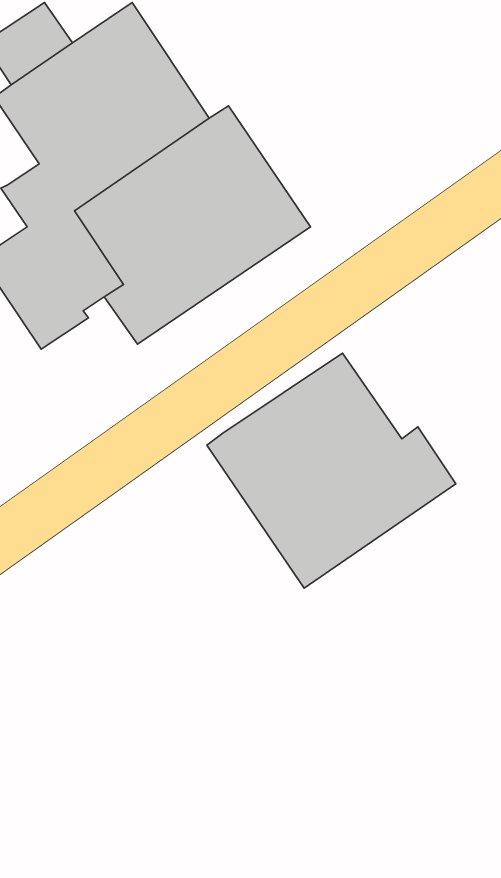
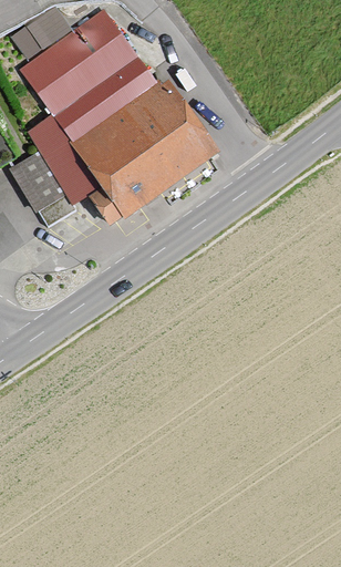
building: [207,353,456,588] -> none

